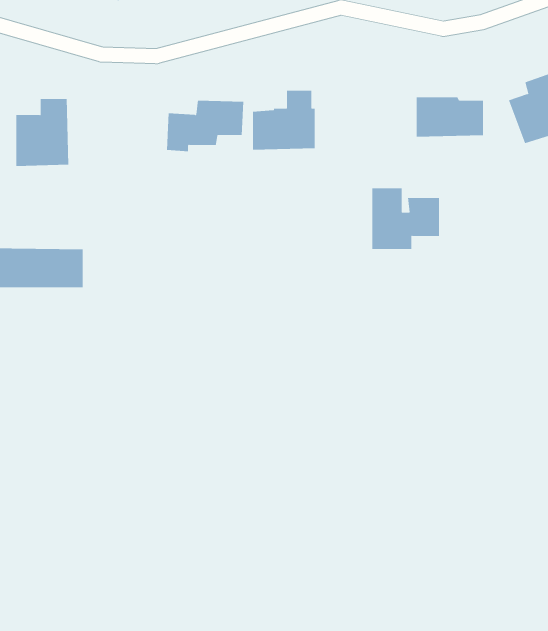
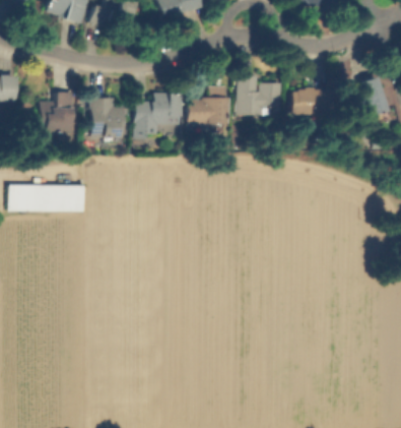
building: none -> [90,98,129,138]
building: [372,188,440,249] -> [240,76,282,115]

